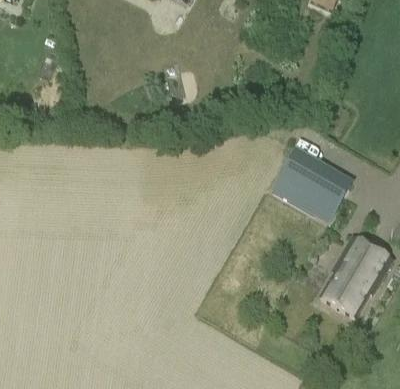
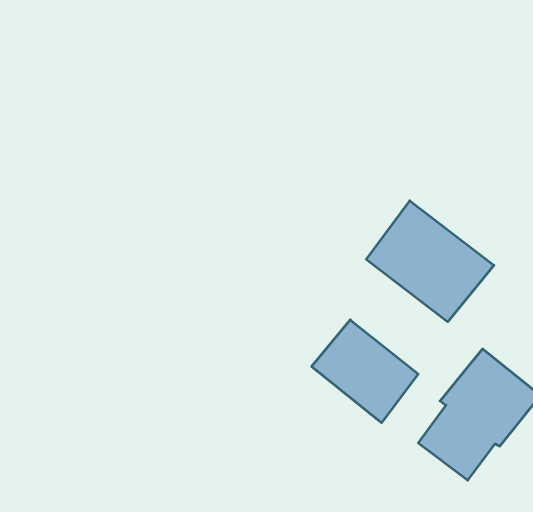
building: none -> [312,320,418,423]

